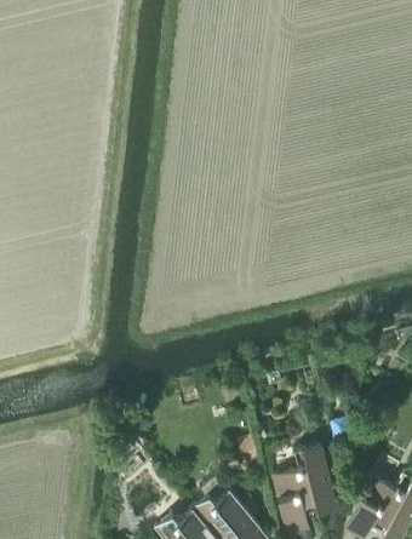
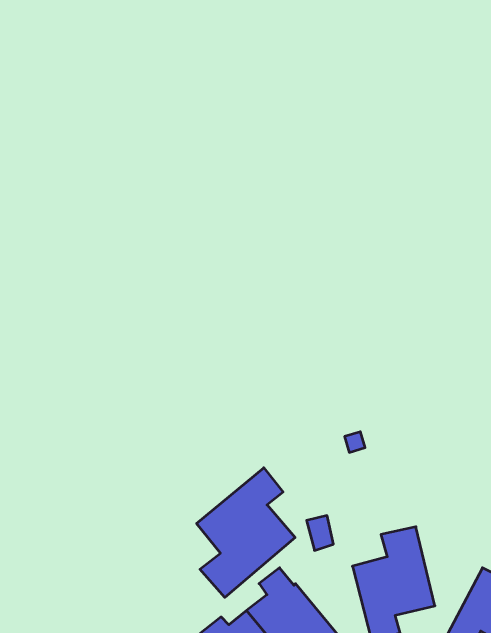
building: none -> [197,468,295,597]

